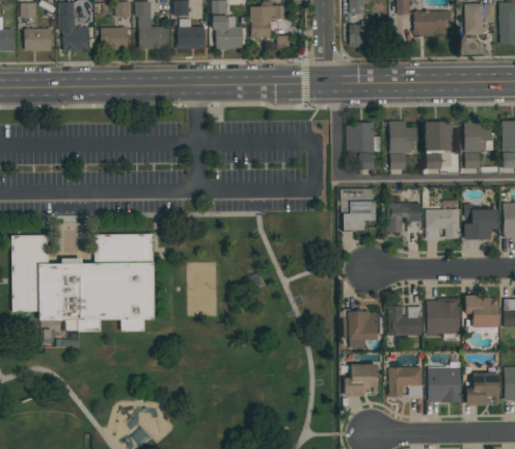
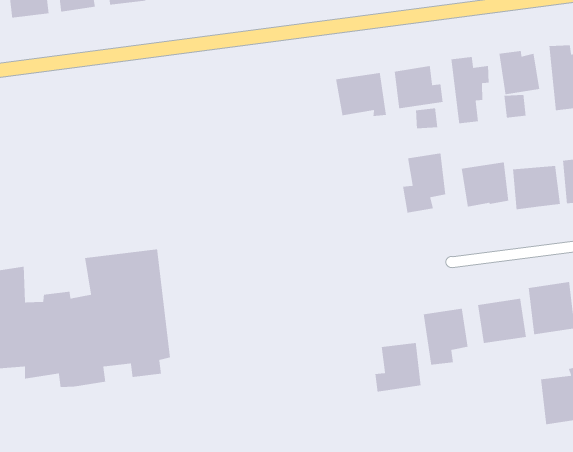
building: none -> [335,72,387,117]
building: [343,362,377,396] -> [375,342,422,393]
building: [388,366,423,397] -> none

